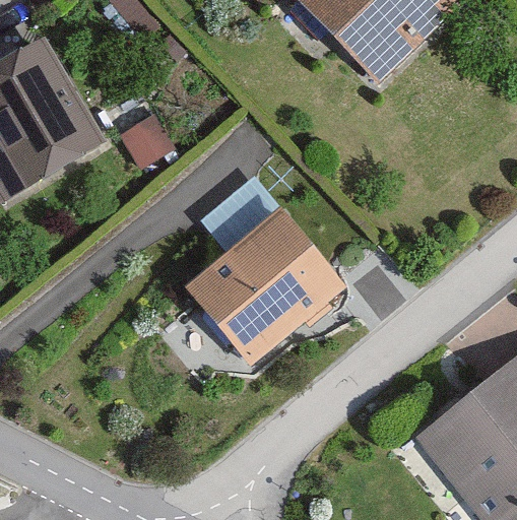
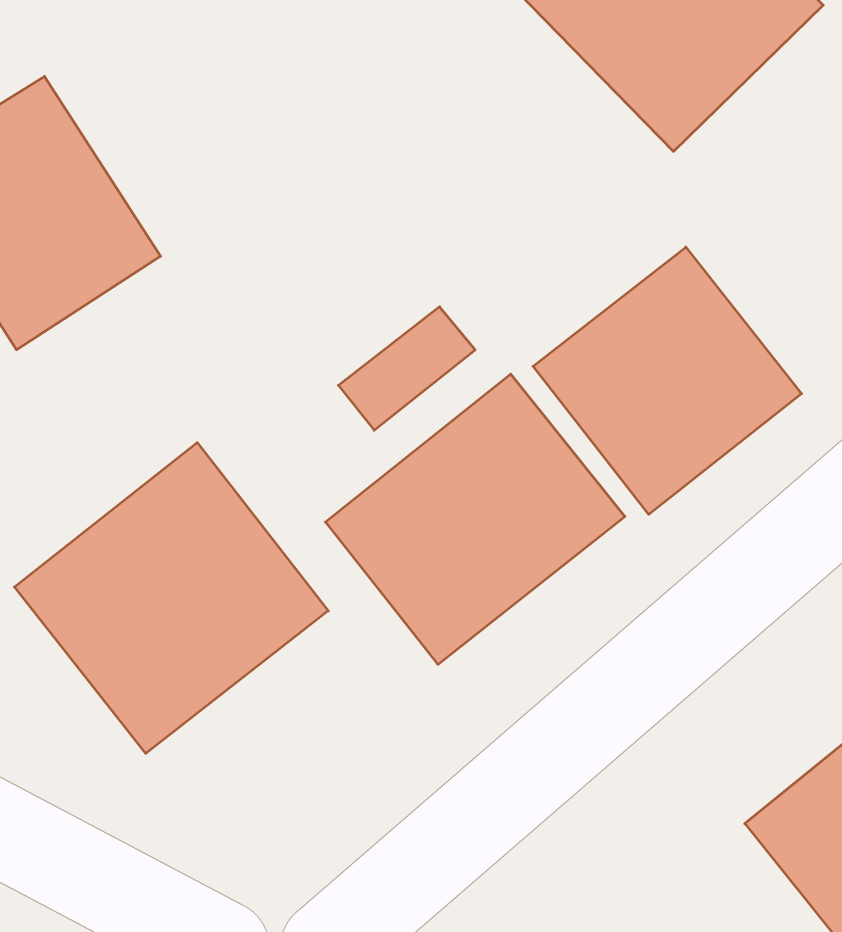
building: none -> [533,247,802,514]
building: none -> [14,443,328,753]

